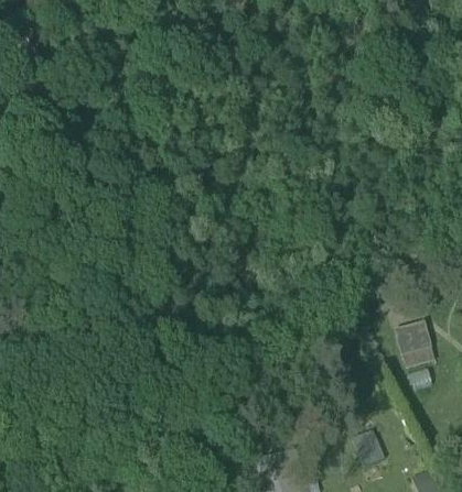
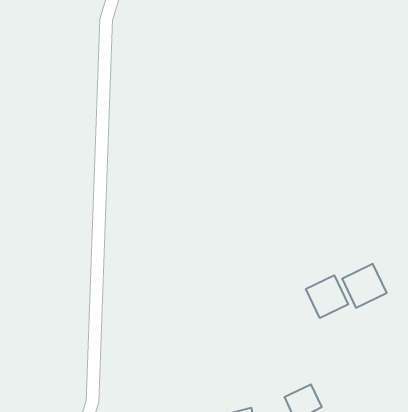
building: none -> [306,275,348,318]

